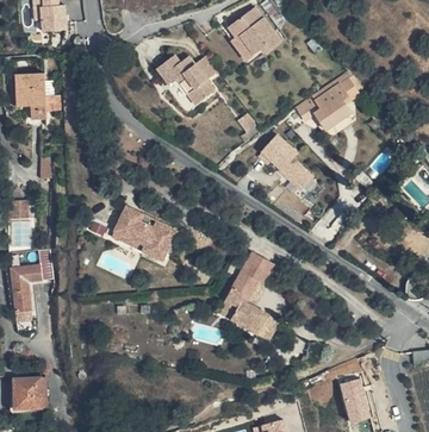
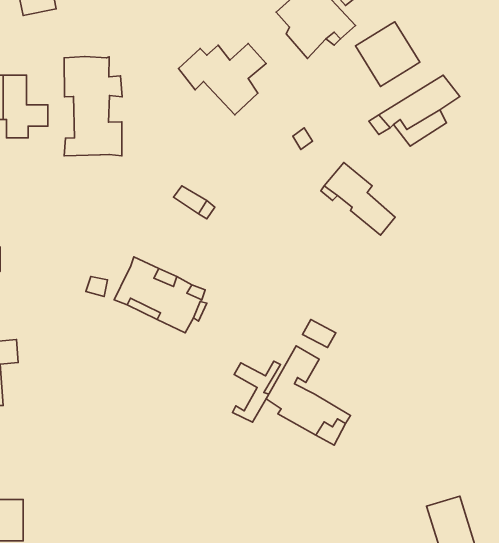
building: none -> [356,22,420,86]
building: none -> [64,56,122,156]
building: [241,261,275,305] -> [232,361,280,422]

